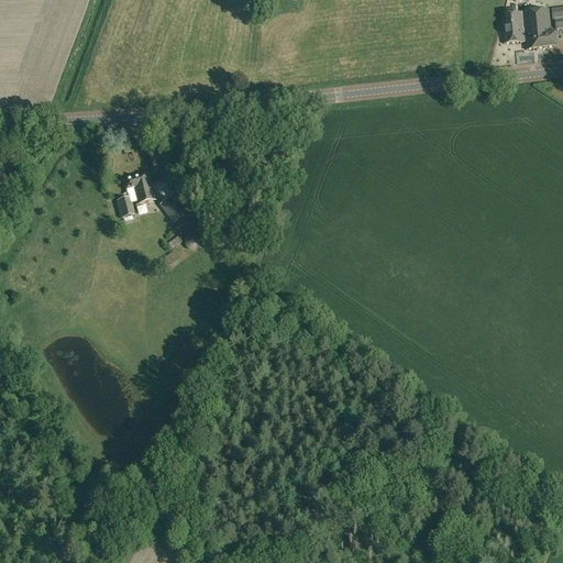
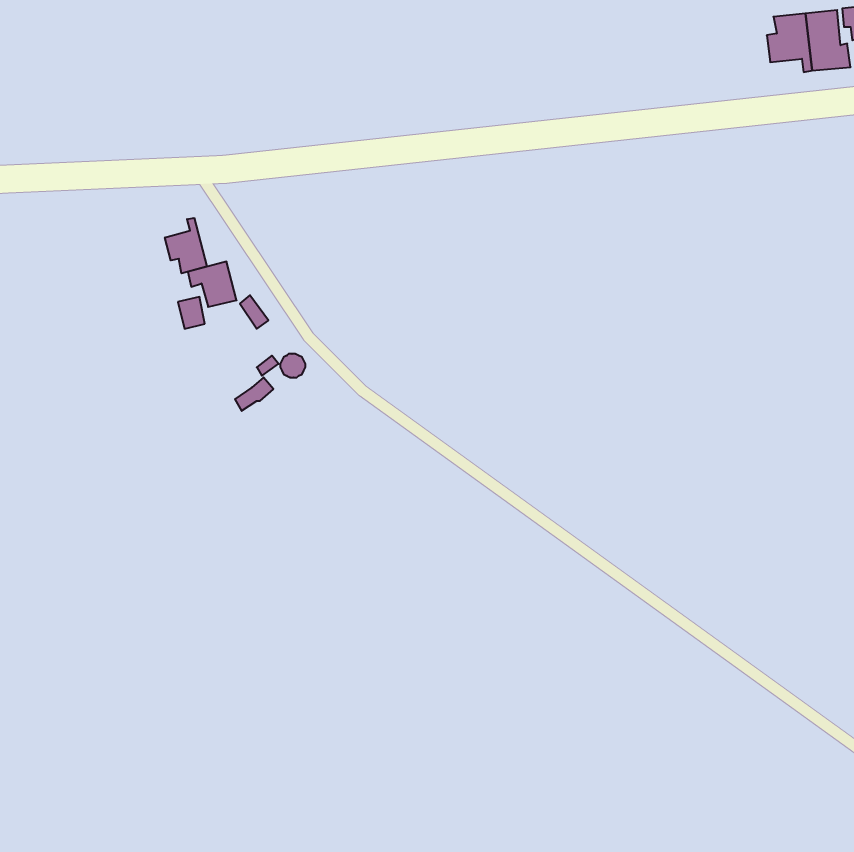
building: none -> [165,218,207,273]

